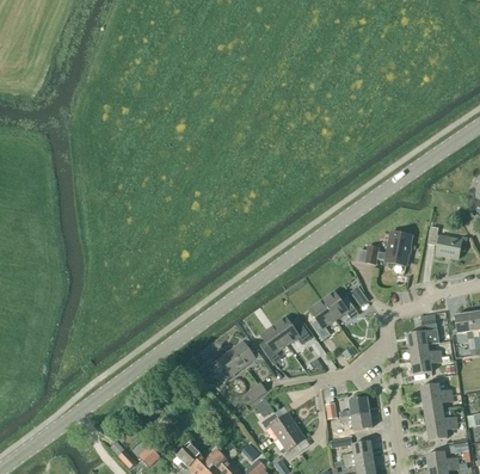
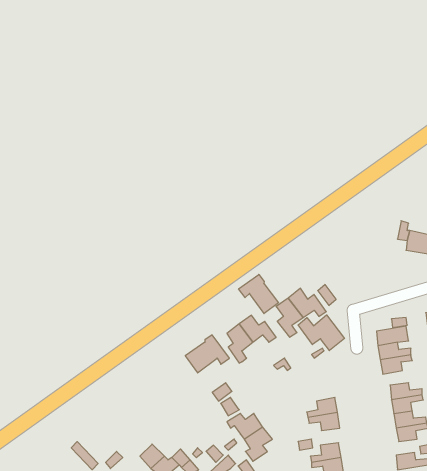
building: [364,232,411,264] -> none
building: none -> [239,274,279,314]
building: none -> [298,315,344,351]

